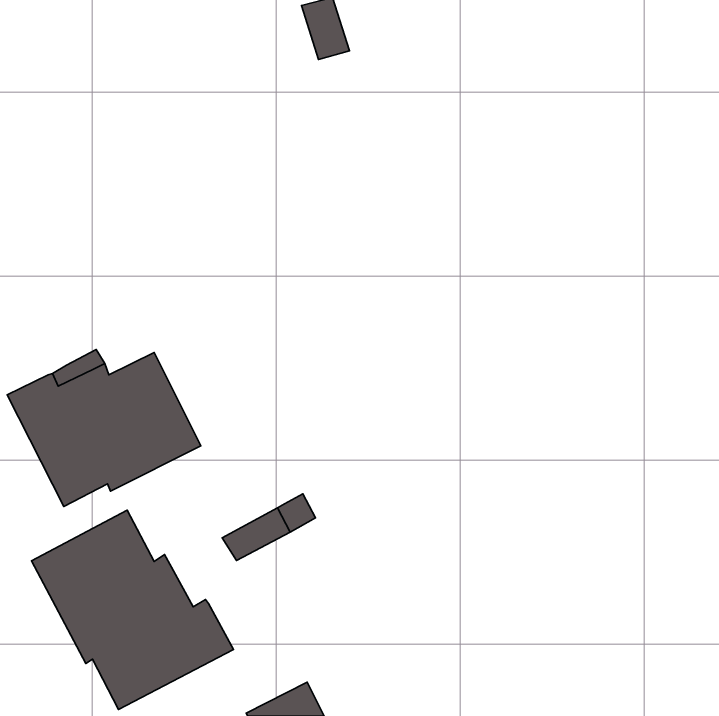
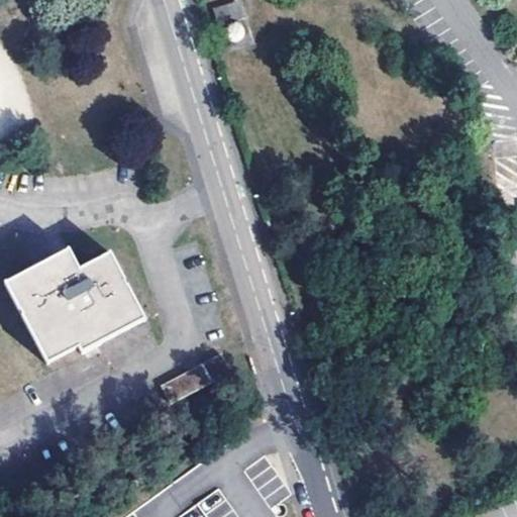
building: [32,510,233,709] -> none

